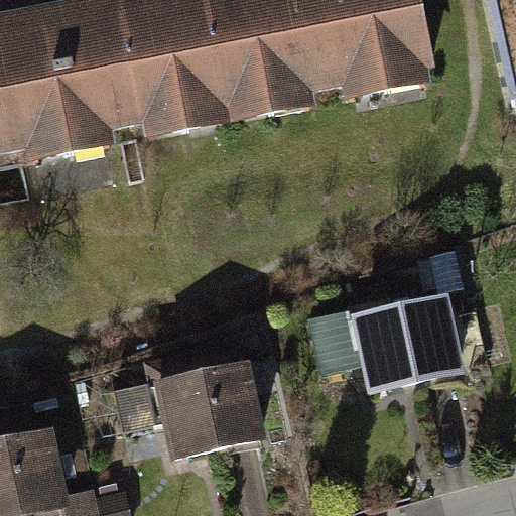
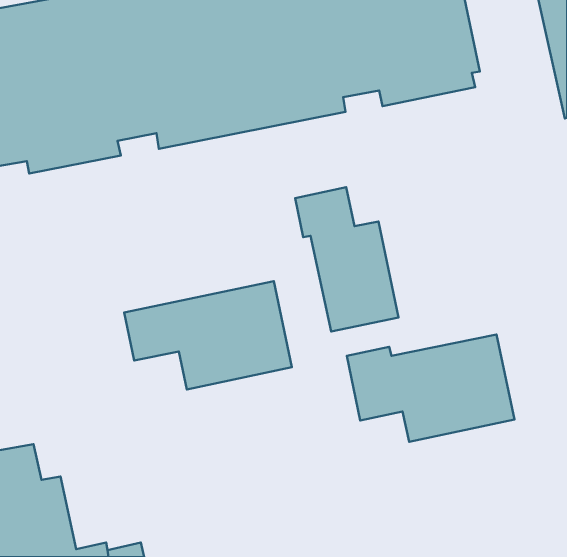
building: none -> [295,187,399,332]
building: [116,366,267,464] -> [124,281,292,390]

